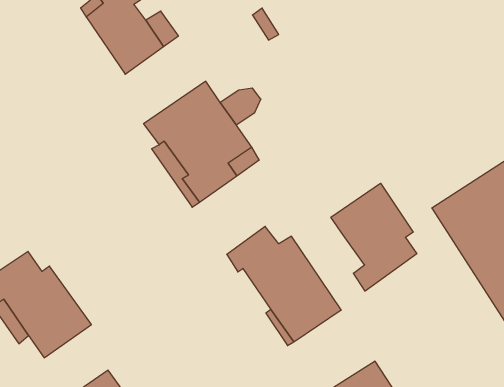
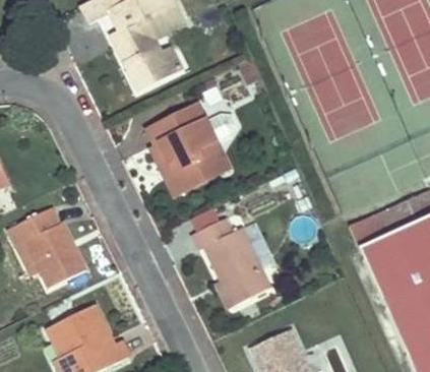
building: [331,183,417,291] -> none

